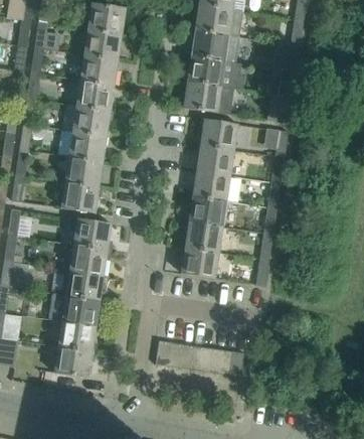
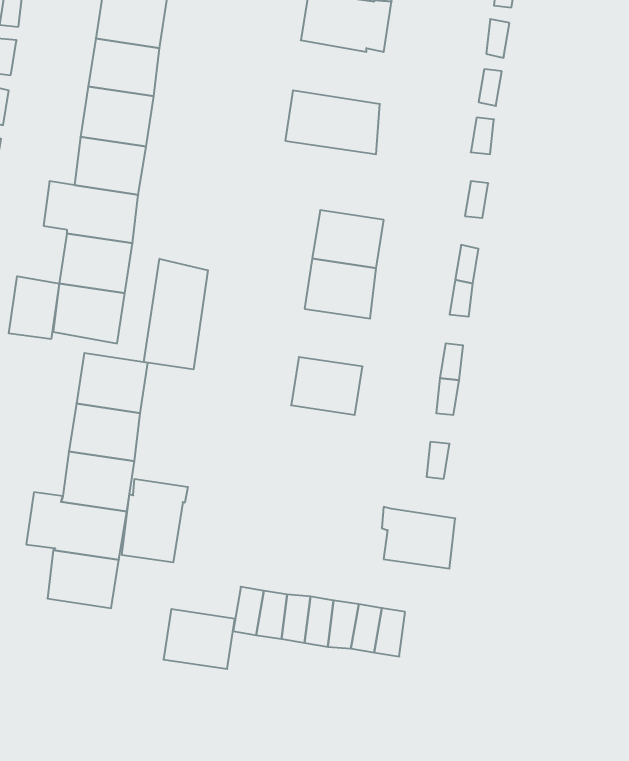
building: [187,55,240,89] -> none
building: [201,118,238,149] -> none
building: none -> [144,259,208,369]
building: none -> [9,276,59,339]
building: [190,195,227,226] -> none
building: [181,245,219,277] -> [382,507,455,569]
building: none -> [122,479,188,562]
building: [55,346,93,378] -> [163,609,235,669]

